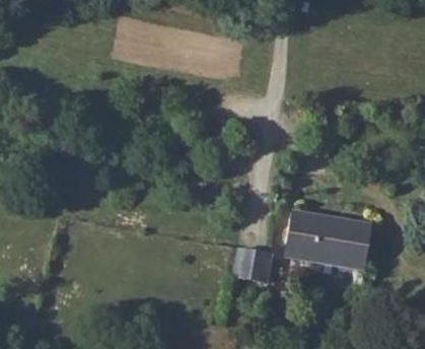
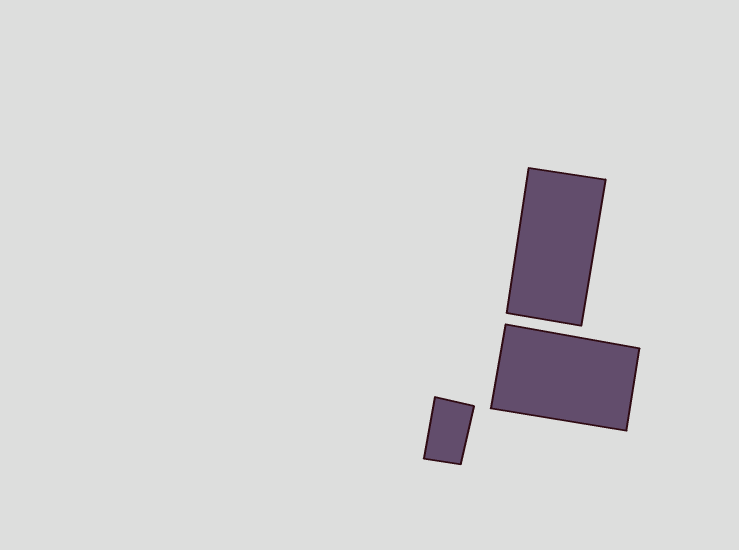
building: none -> [507,168,605,326]

